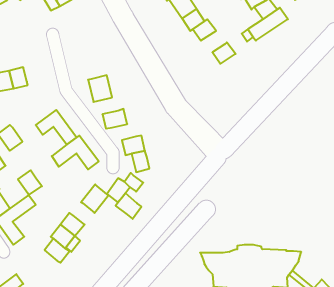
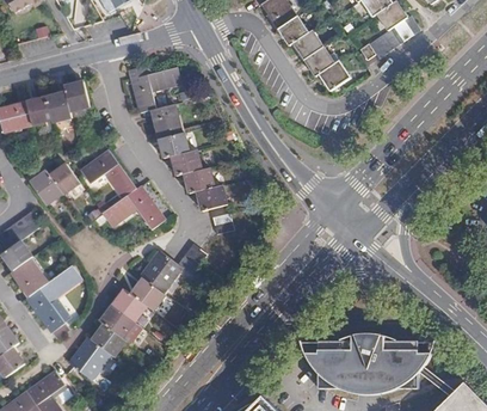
building: none -> [303,44,335,75]
building: none -> [129,65,183,112]
building: none -> [63,81,90,112]
building: none -> [159,133,192,159]
building: none -> [184,167,216,194]
building: [18,170,42,195] -> [50,162,82,196]
building: [116,193,141,219] -> [131,276,166,311]
building: none -> [69,337,110,379]

